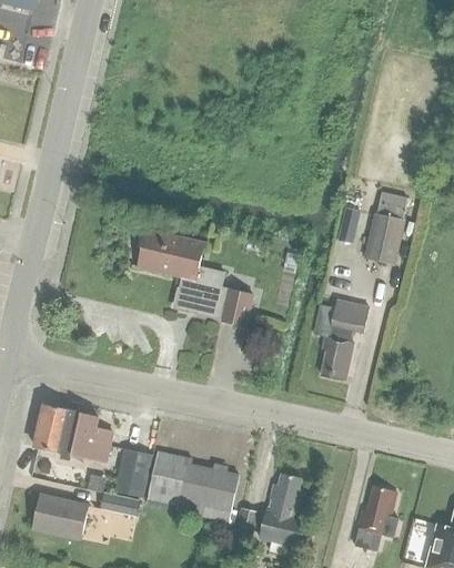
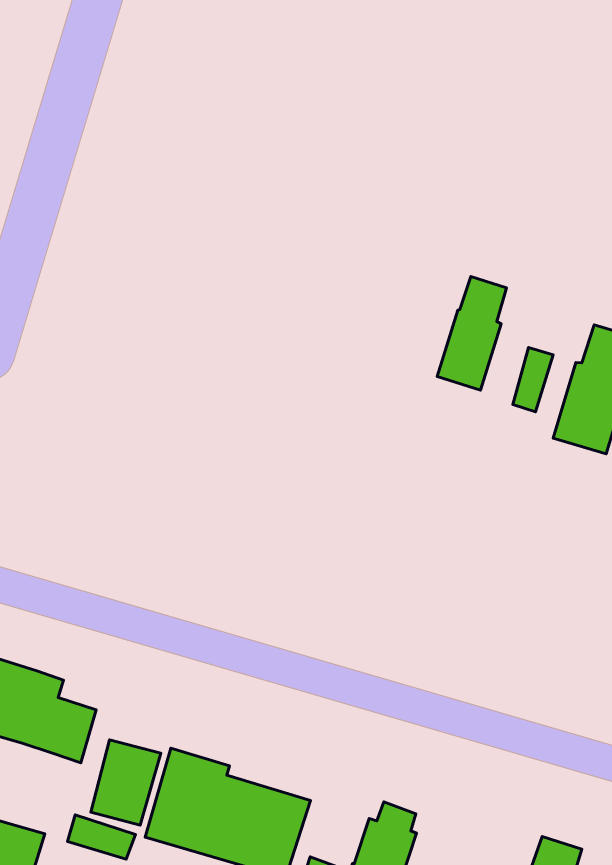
building: none -> [437,277,506,390]
building: [137,229,252,326] -> none
building: [312,298,369,379] -> none

